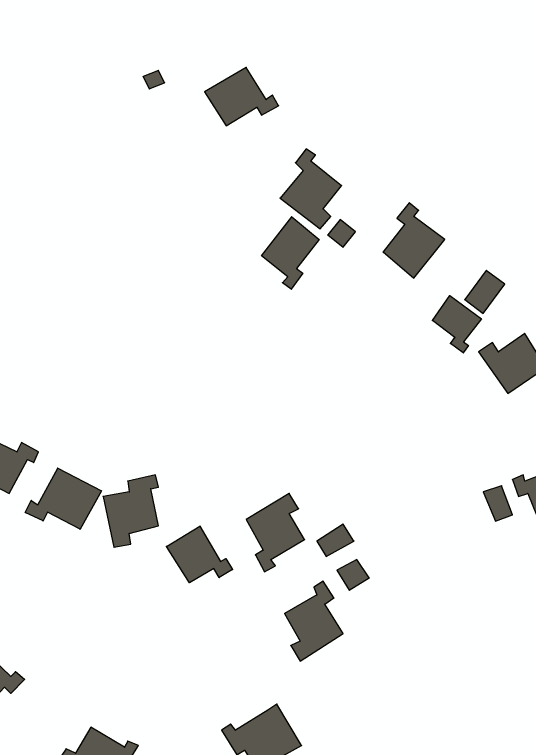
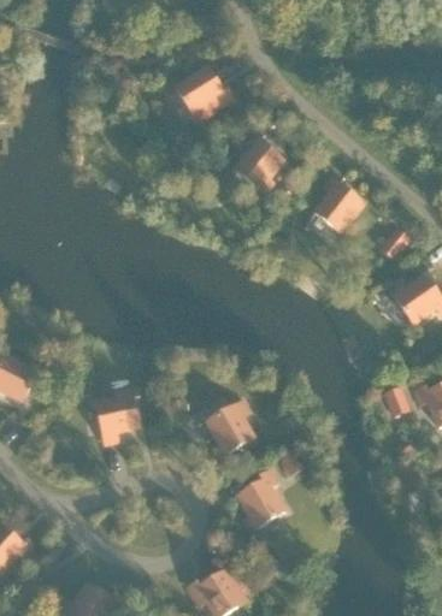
building: [262,217,319,289] -> none
building: [432,296,481,353] -> none
building: [25,468,101,529] -> none
building: [166,526,233,583] -> none

